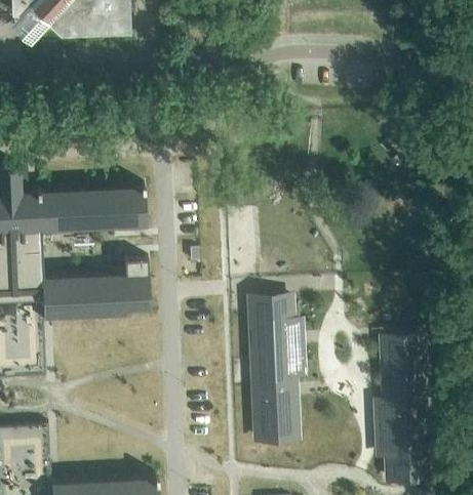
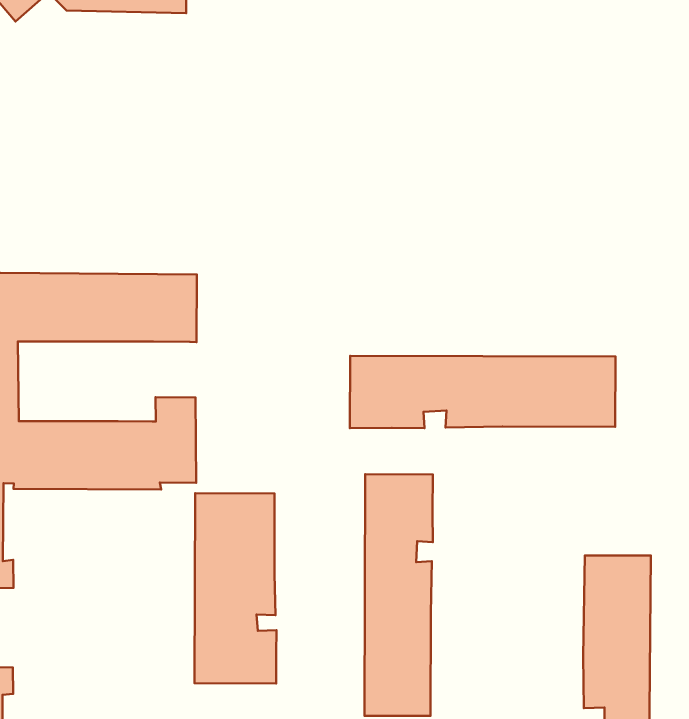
building: none -> [350,356,615,428]
building: none -> [195,493,277,684]

